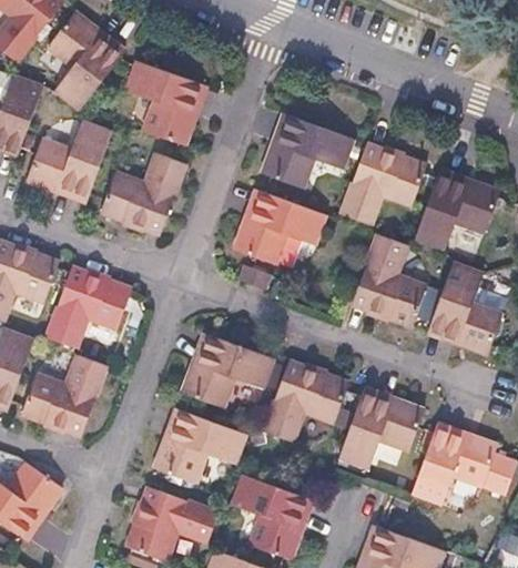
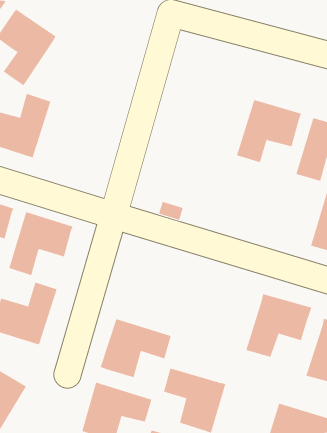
building: [125,60,204,145] -> none
building: [263,113,354,187] -> none
building: [100,153,184,234] -> none
building: [235,189,326,263] -> none
building: [352,232,426,325] -> none
building: [183,332,275,408] -> none
building: [263,361,348,443] -> none

